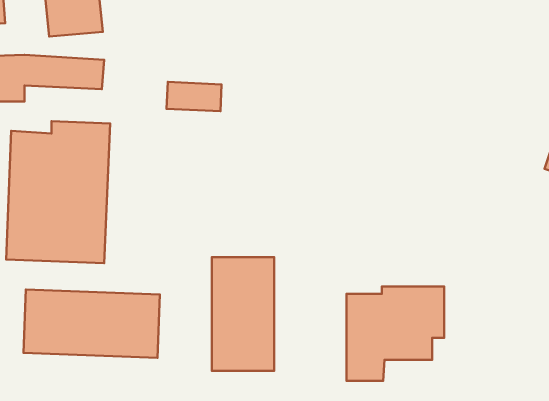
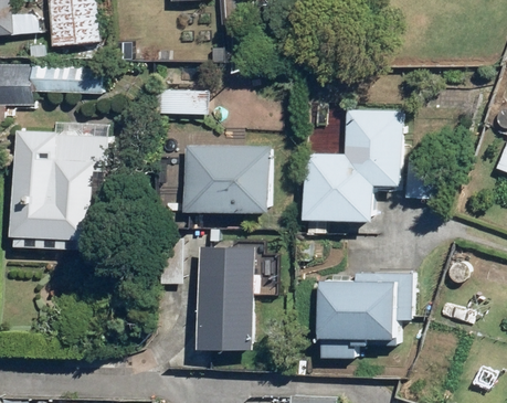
building: none -> [303,110,401,220]
building: none -> [186,146,271,213]
building: [23,289,160,358] -> none

